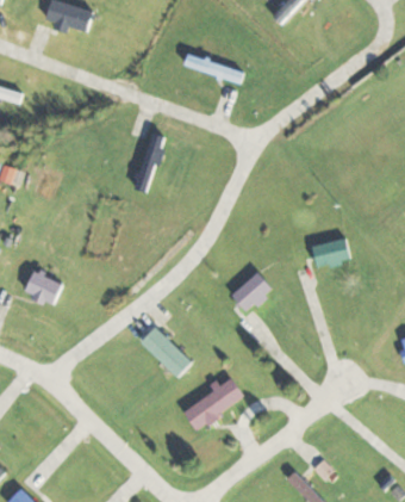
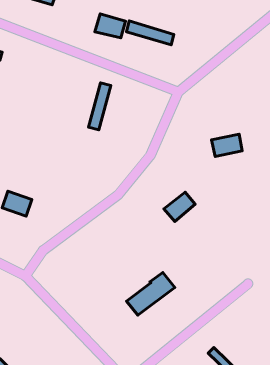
building: none -> [95,14,126,38]
building: [311,238,350,267] -> [211,134,242,156]
building: [139,327,193,378] -> none

